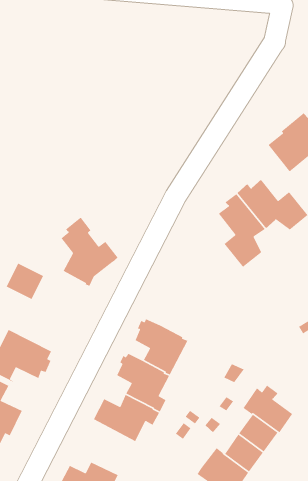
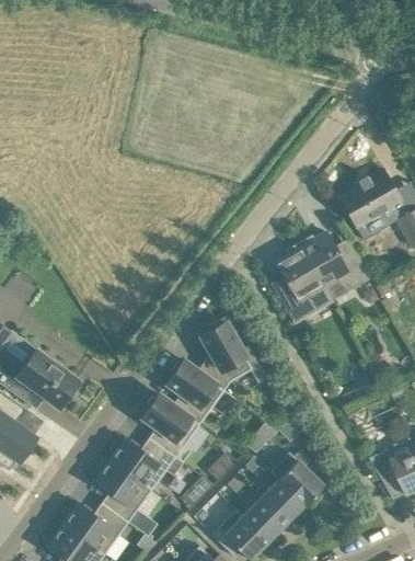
building: [60,216,118,287] -> [198,317,260,392]
building: [6,262,44,300] -> none
building: none -> [95,460,152,523]

